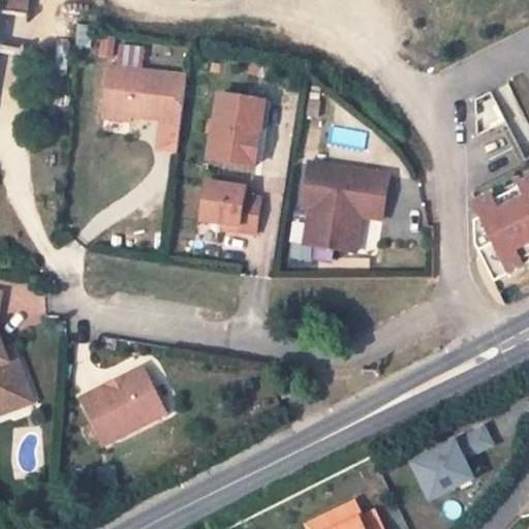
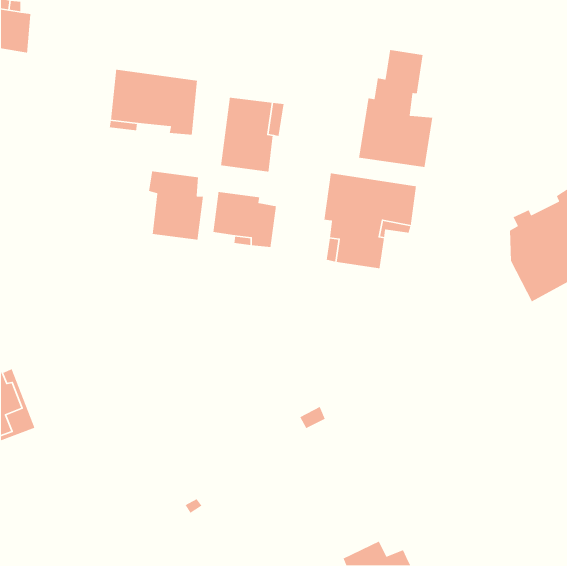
building: none -> [358,49,433,168]
building: none -> [148,171,204,241]
building: [81,367,166,445] -> none
building: [416,430,495,500] -> none

